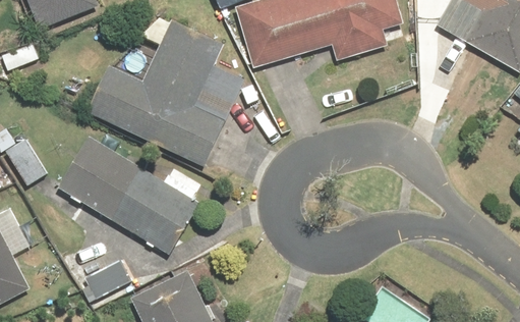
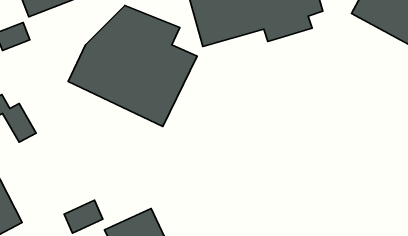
building: [59,136,200,255] -> none

